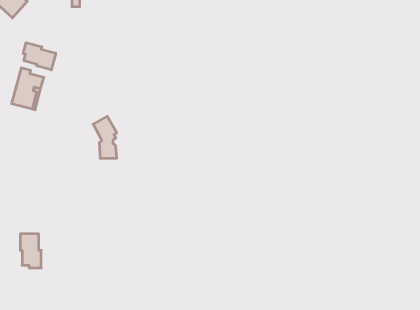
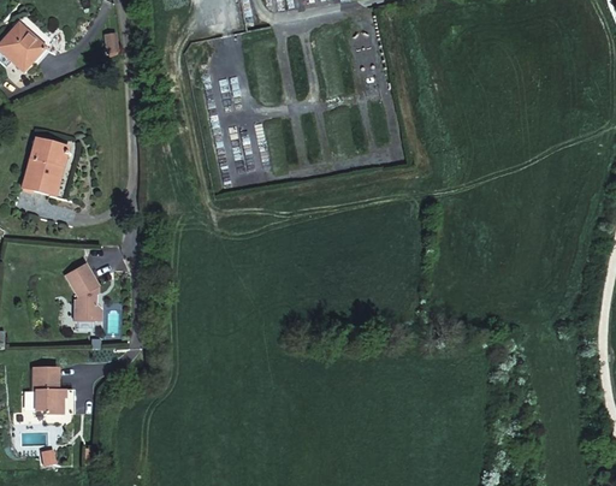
building: [23,43,56,70] -> none
building: [93,116,117,158] -> [66,263,99,321]

